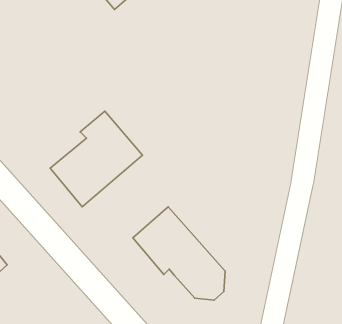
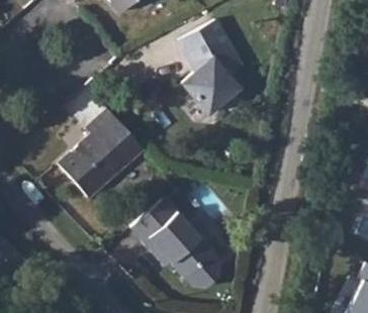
building: none -> [178,18,243,117]

